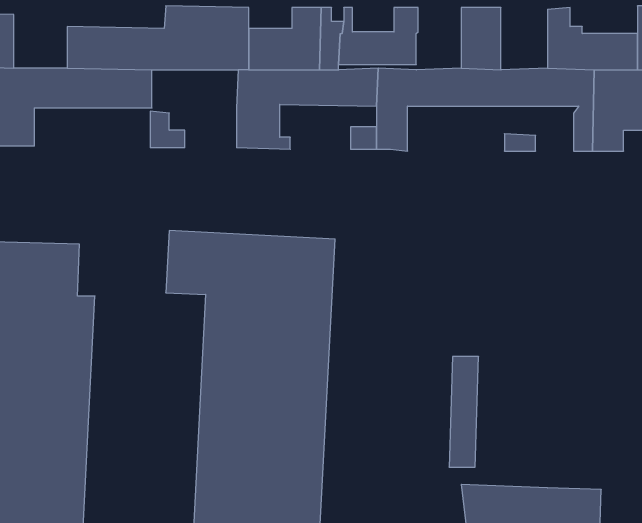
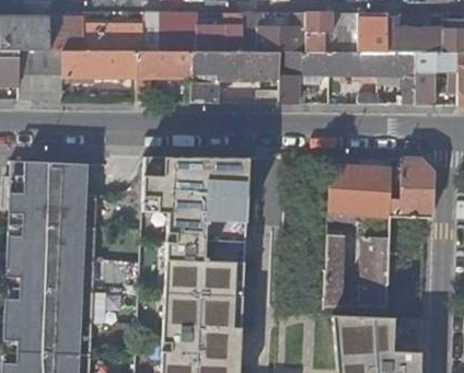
building: none -> [302,13,330,53]
building: none -> [356,13,385,53]
building: none -> [47,18,82,51]
building: none -> [135,53,189,77]
building: none -> [326,159,431,218]
building: none -> [359,235,386,306]

